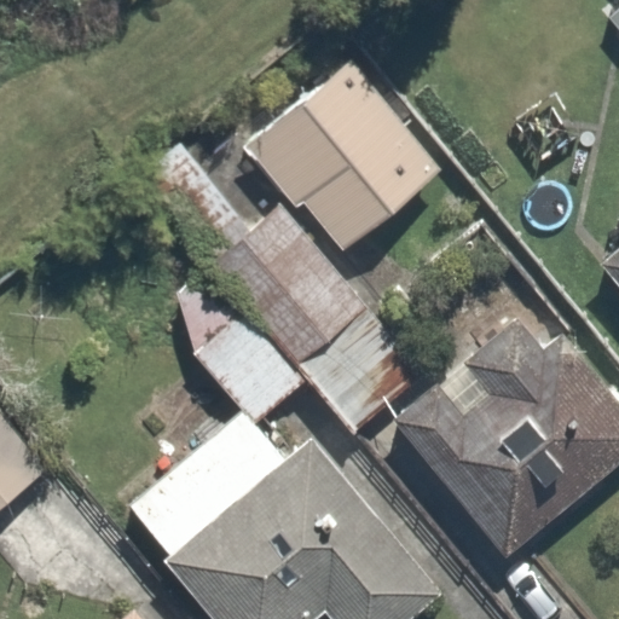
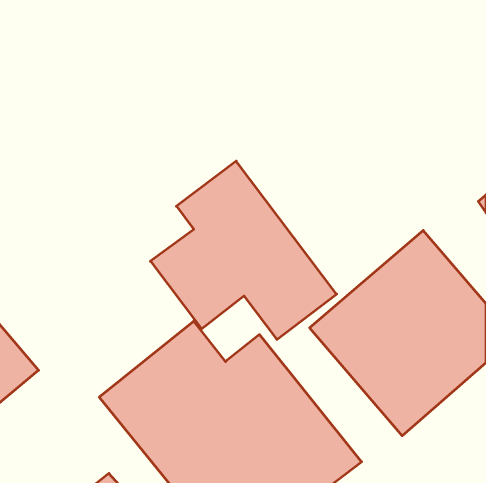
building: [245,60,449,266] -> none

